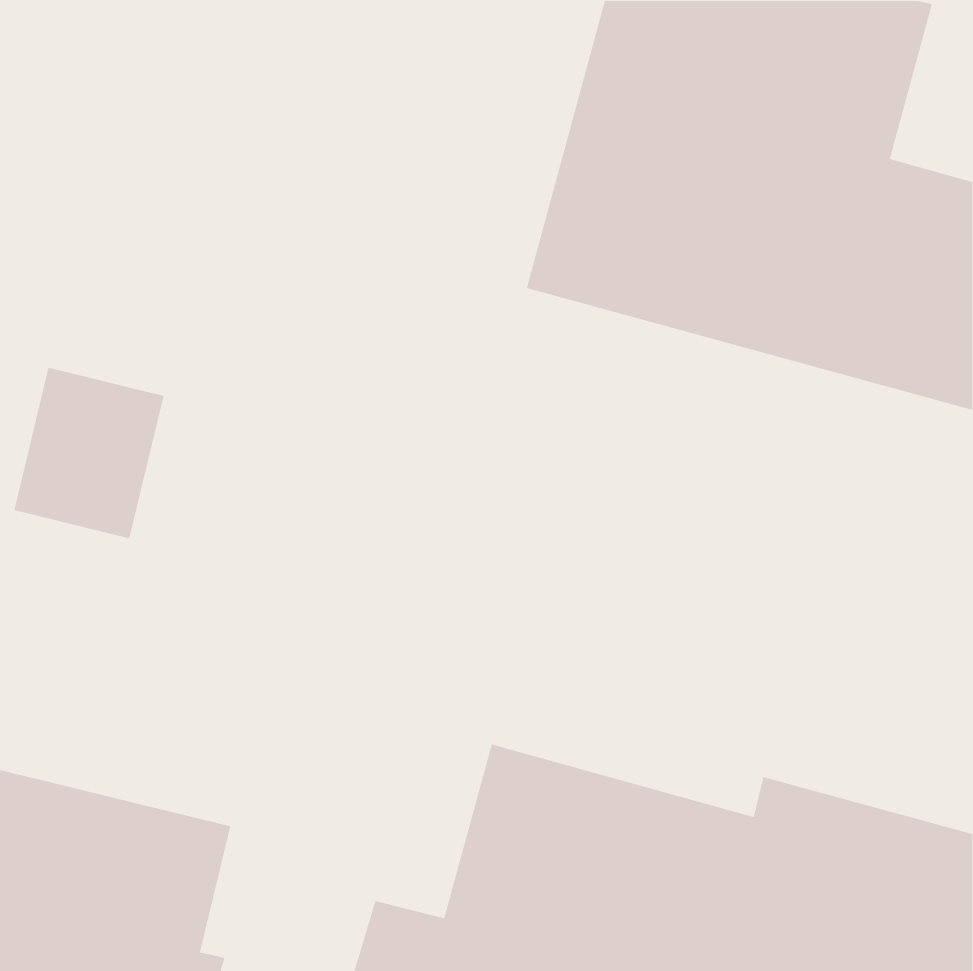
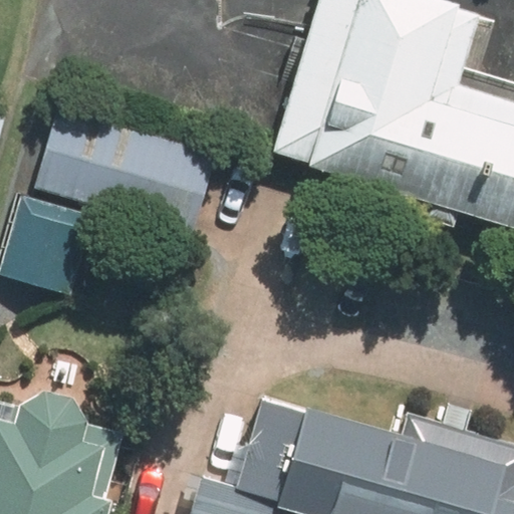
building: none -> [34,112,215,233]

